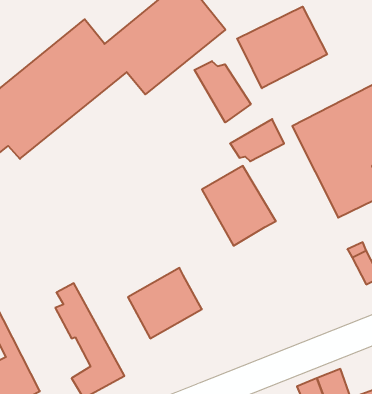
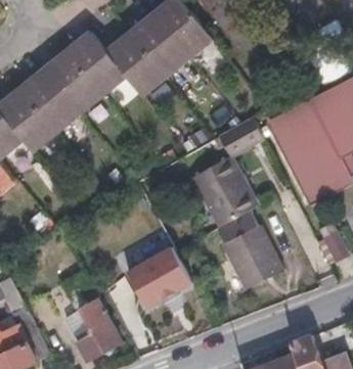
building: [237,7,327,88] -> none
building: [194,61,251,122] -> none
building: none -> [216,211,282,288]

